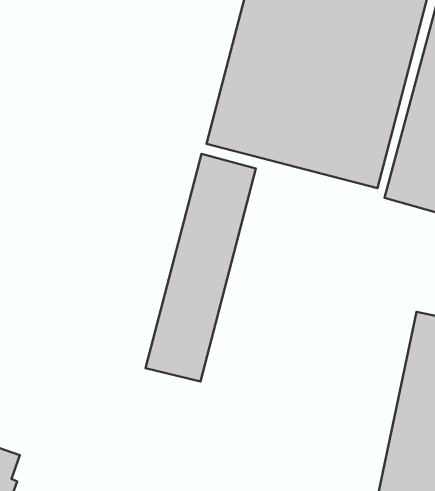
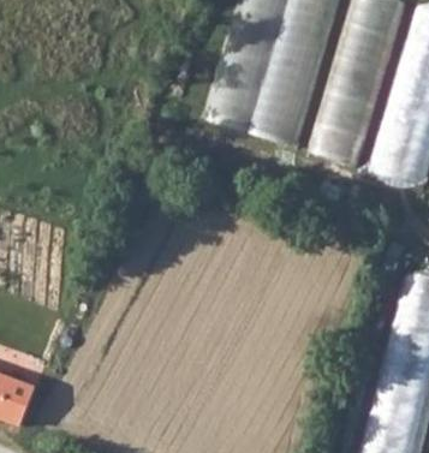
building: [146,154,256,382] -> none

